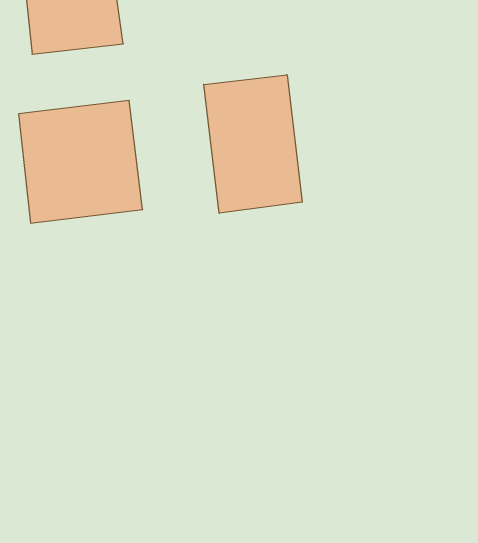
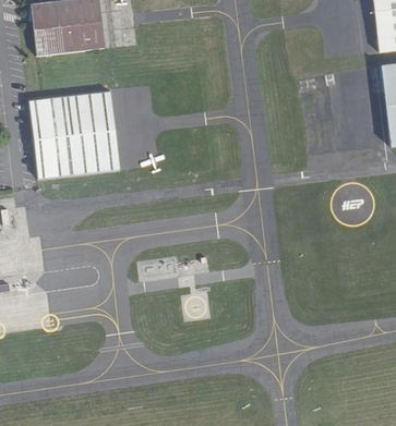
building: [204,75,302,213] -> none

